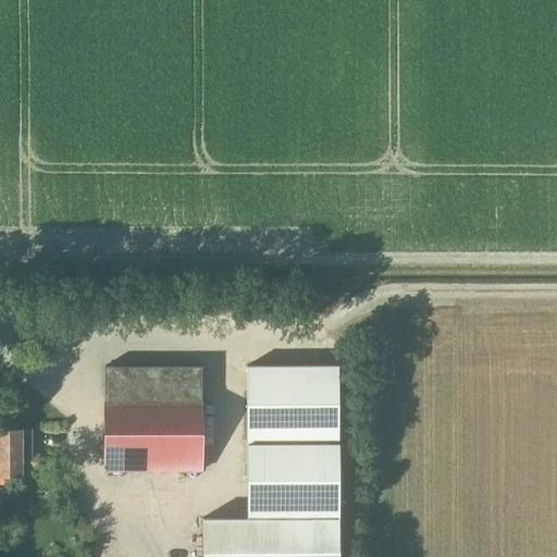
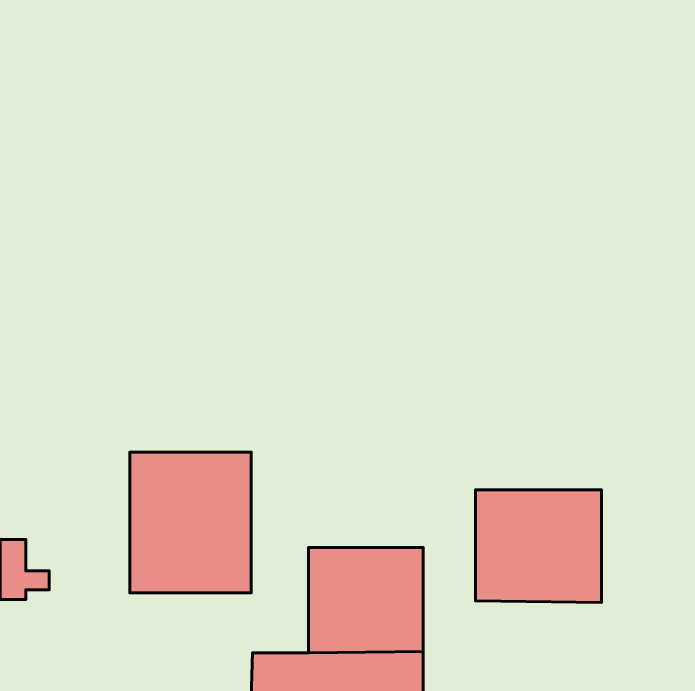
building: [248,366,339,442] -> none
building: none -> [475,490,601,602]

